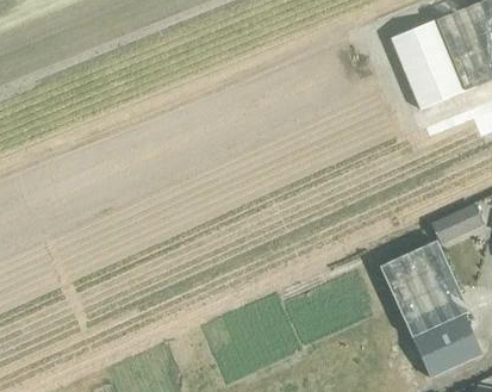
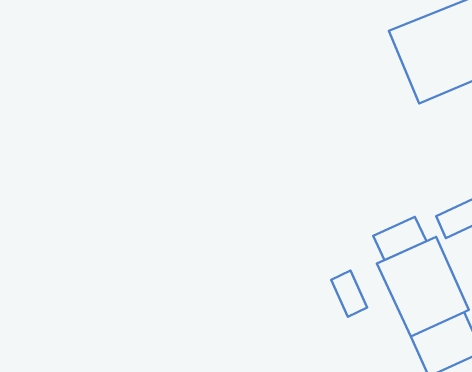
building: none -> [373,217,426,260]
building: none -> [331,271,367,317]

